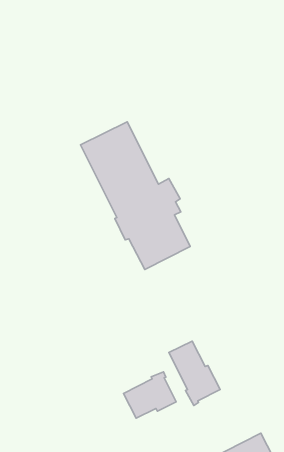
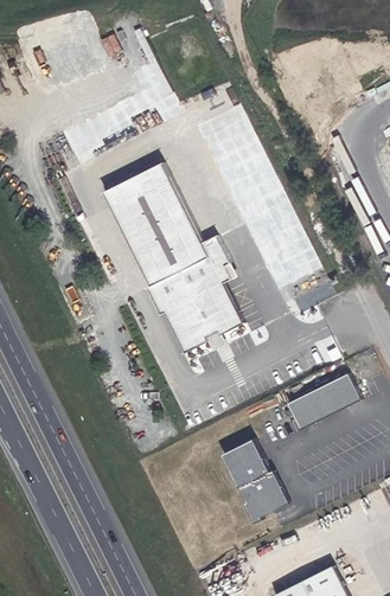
building: none -> [284,374,357,429]
building: [123,372,176,418] -> none

